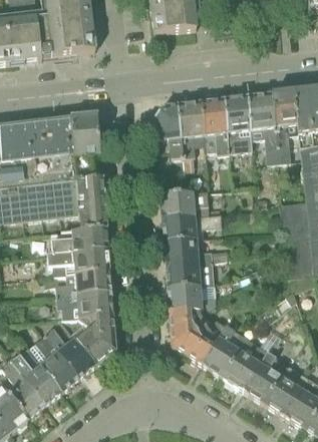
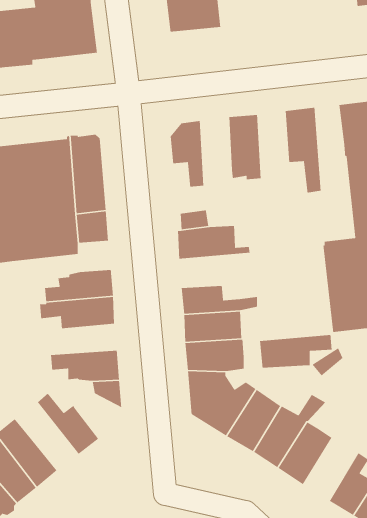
building: [273,89,296,160] -> none
building: [226,94,252,150] -> none
building: [179,99,204,169] -> none
building: [78,201,105,227] -> none
building: [161,211,221,240] -> [259,334,333,368]
building: [54,270,110,295] -> none
building: [76,327,114,364] -> none
building: [35,334,78,390] -> none
building: [263,362,308,415] -> none

